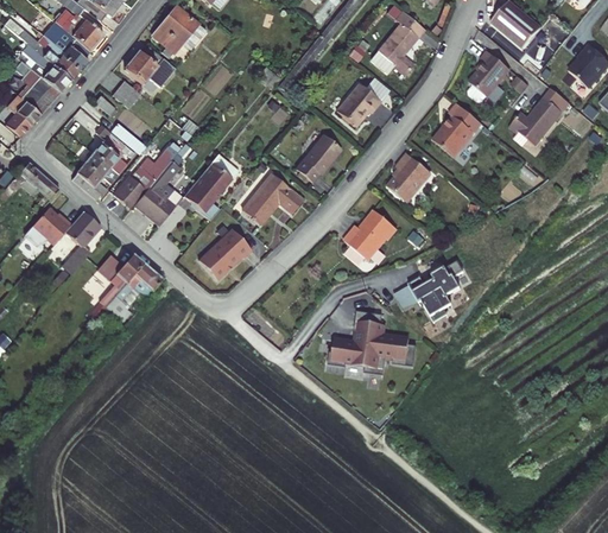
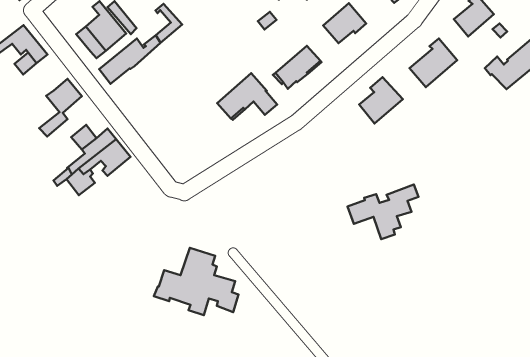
building: [183,154,239,214] -> none
building: [71,163,106,199] -> none
building: [133,185,175,226] -> none
building: [32,208,71,243] -> none
building: [344,209,397,259] -> none
building: [198,228,252,279] -> none
building: [328,306,414,373] -> [154,248,239,315]

